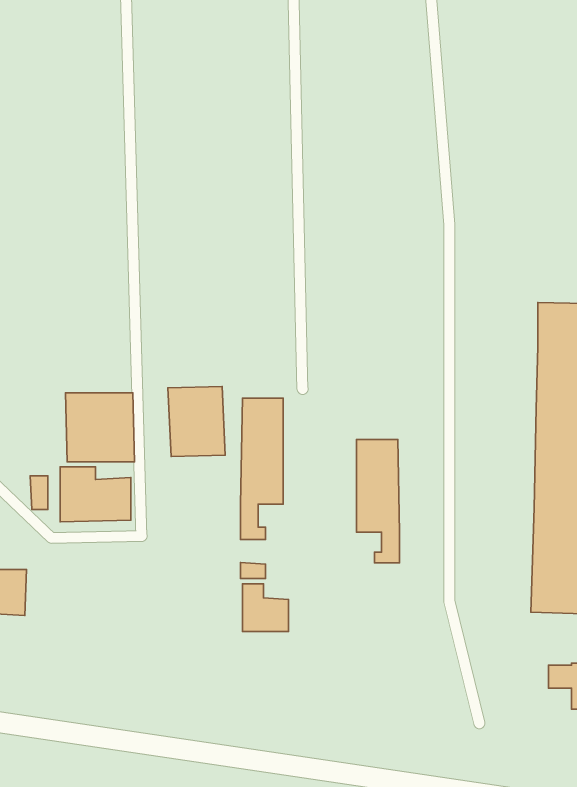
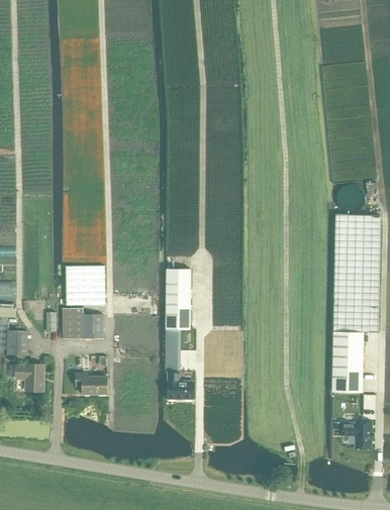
building: [168,387,225,457] -> none
building: [357,440,399,563] -> none
building: none -> [75,374,107,395]

